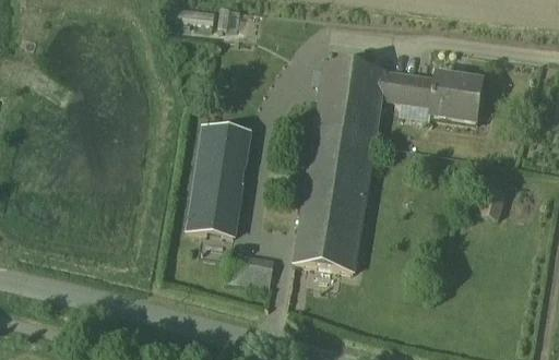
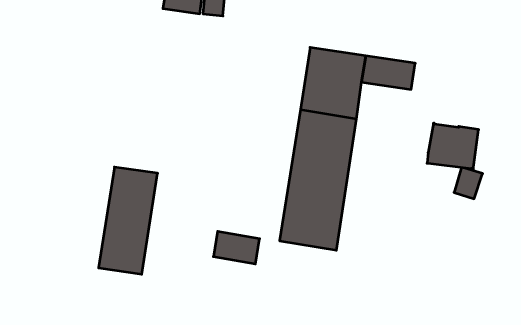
building: [431,74,485,122] -> [427,123,479,169]
building: [189,123,250,235] -> [99,167,158,274]

